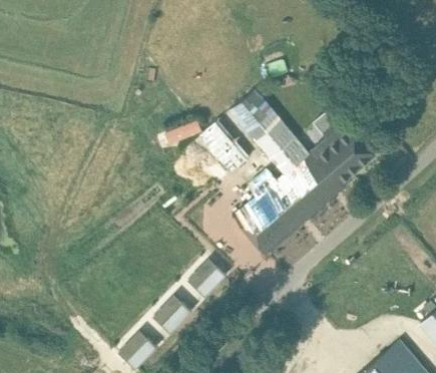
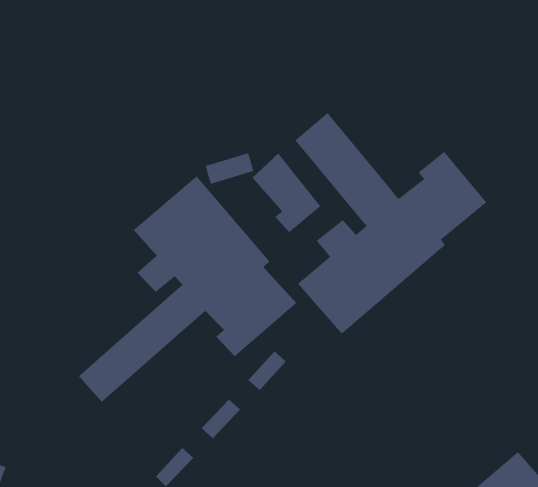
building: none -> [78,176,297,403]

